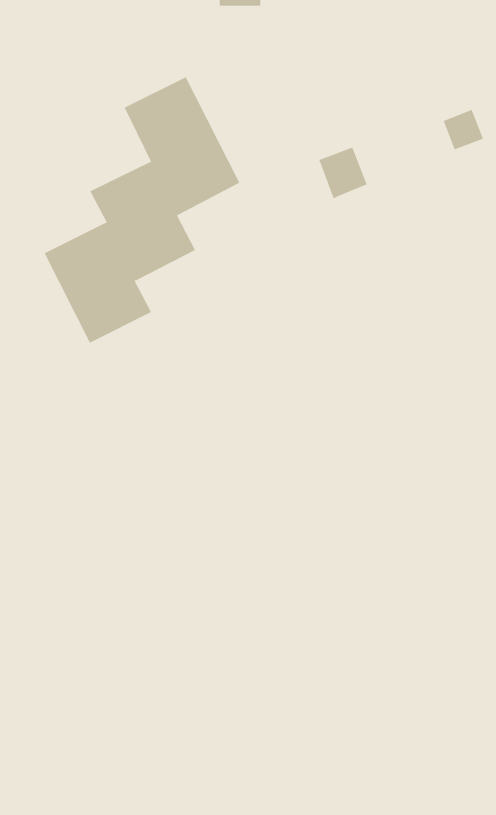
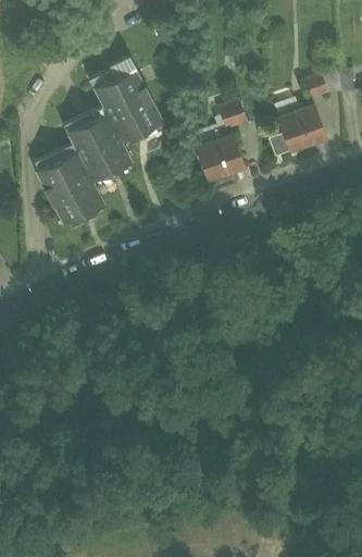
building: none -> [267,98,328,157]
building: none -> [194,131,246,184]

